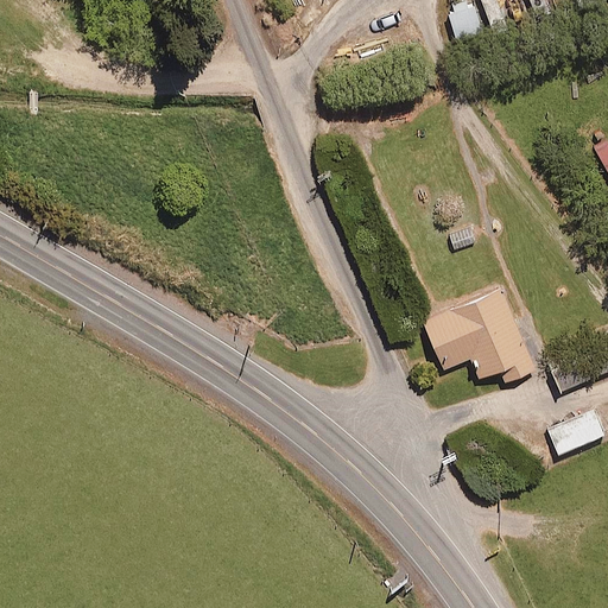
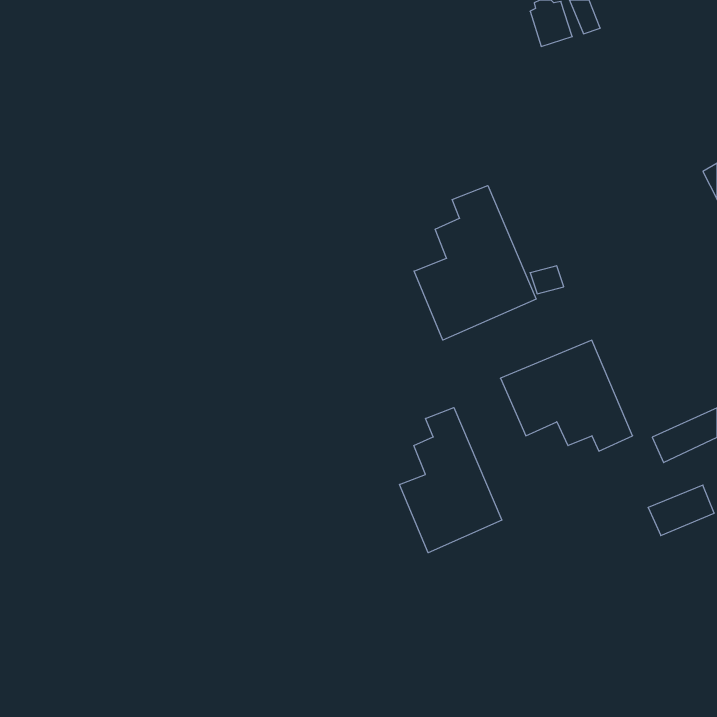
building: none -> [414,186,536,340]
building: none -> [400,408,502,553]

